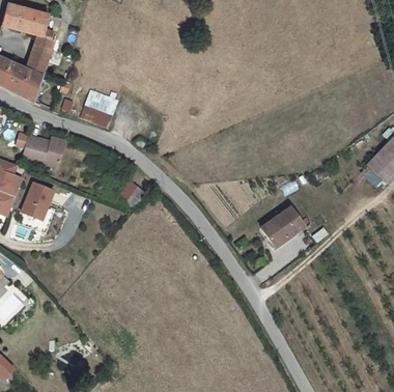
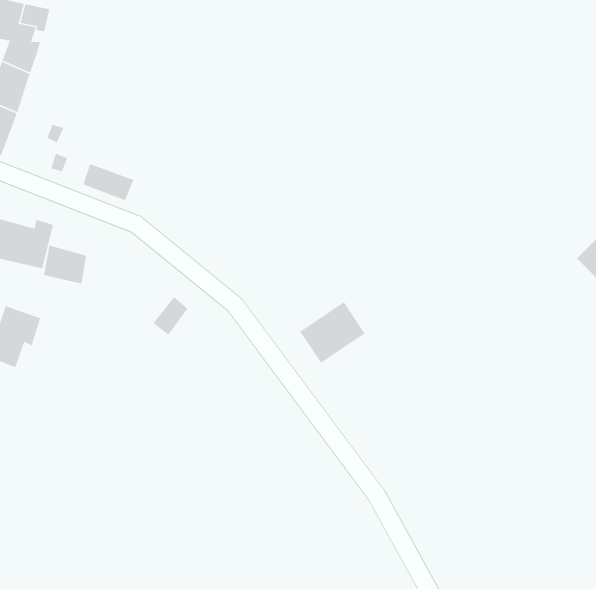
building: [86,90,119,115] -> none
building: none -> [43,245,87,285]
building: [262,206,301,243] -> [299,301,366,364]

